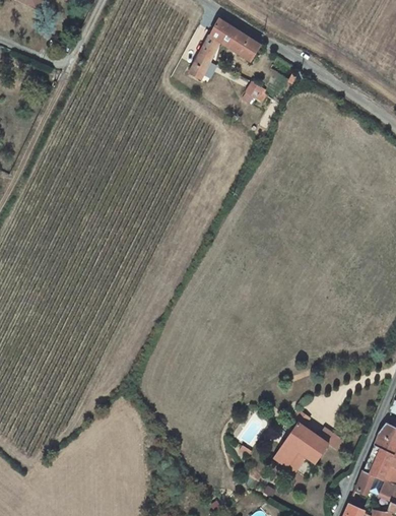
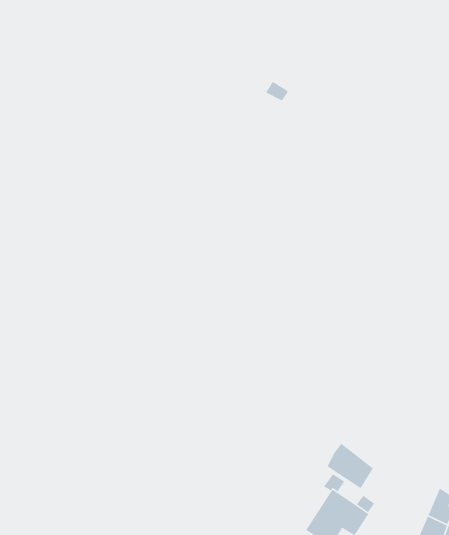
building: [185,20,258,79] -> none
building: none -> [327,443,374,489]

